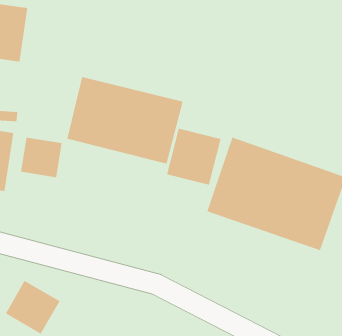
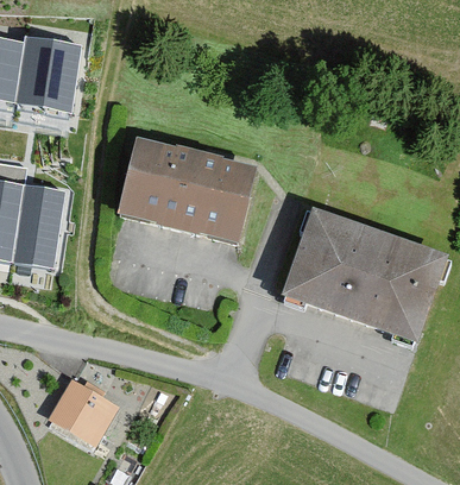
building: [167,128,221,185] -> none
building: [21,137,62,178] -> none

